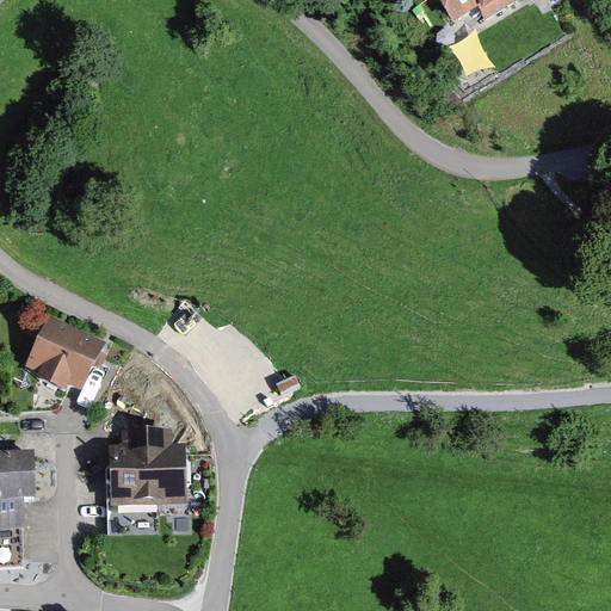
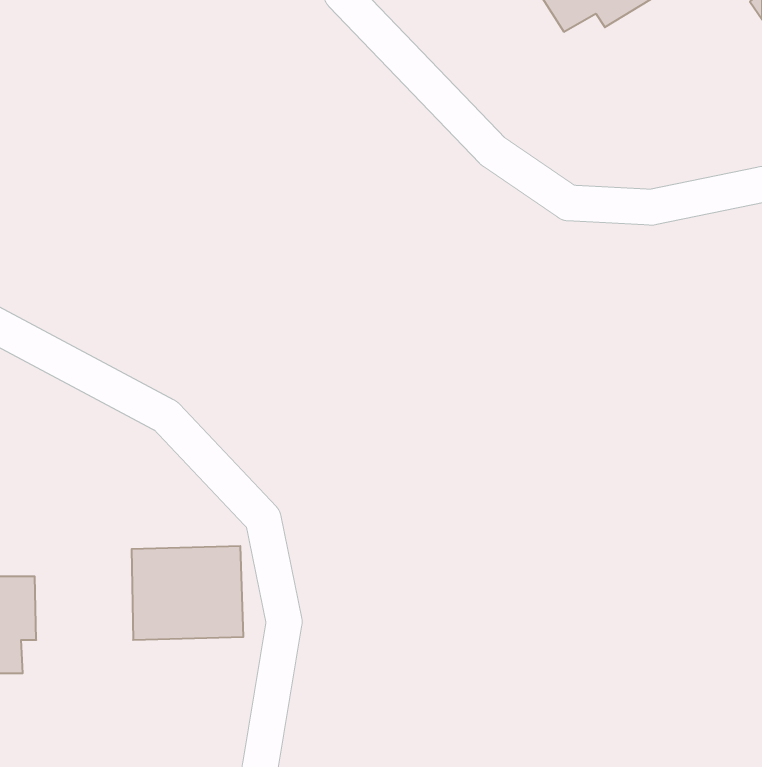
building: [24,313,104,388] -> none

